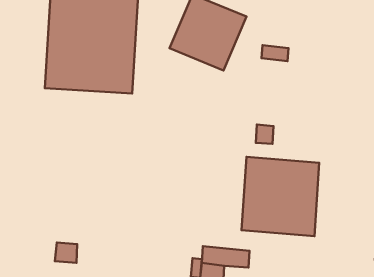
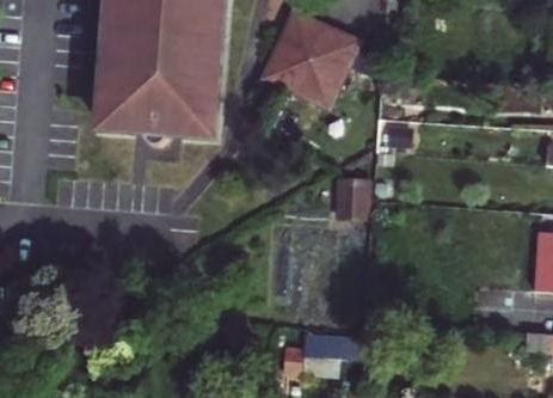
building: none -> [339,180,371,219]
building: [242,157,319,236] -> none

